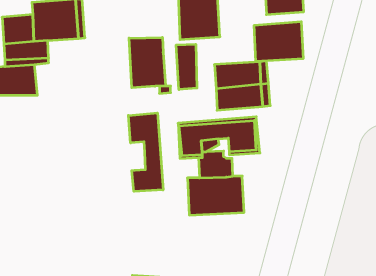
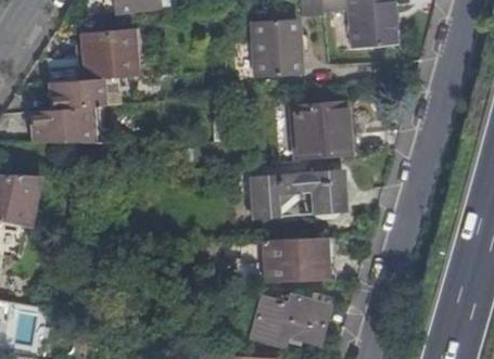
building: [254,22,303,62] -> none
building: [129,37,166,88] -> none
building: [176,44,197,90] -> none
building: [128,113,163,191] -> none
building: none -> [250,293,330,346]

